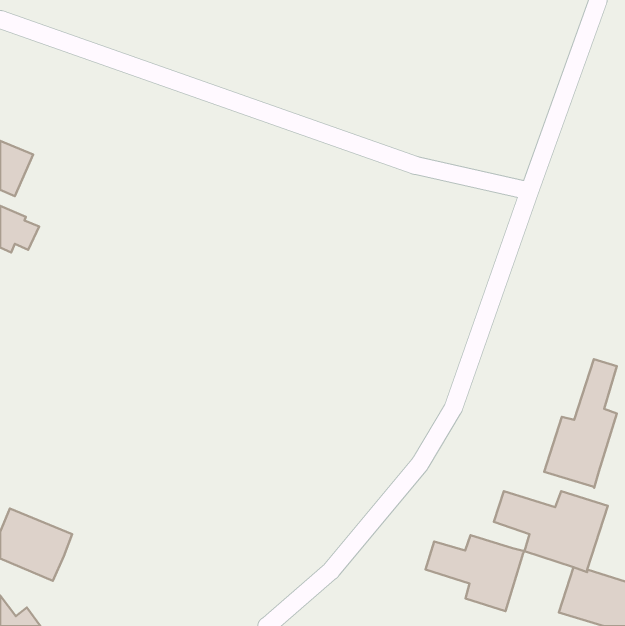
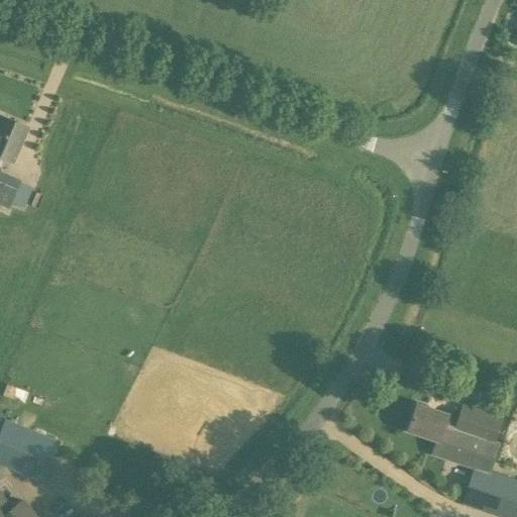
building: [544,359,617,488] -> none
building: [426,535,525,611] -> none

